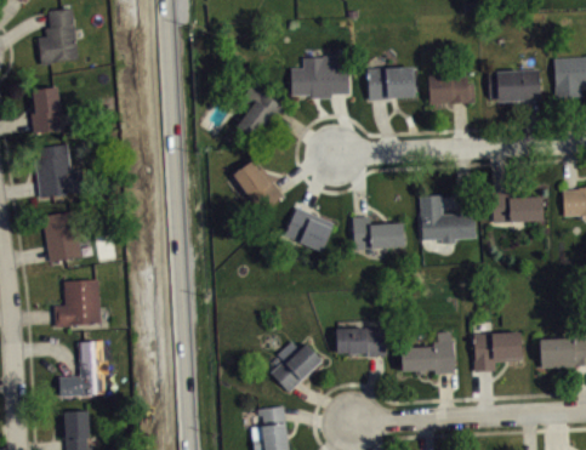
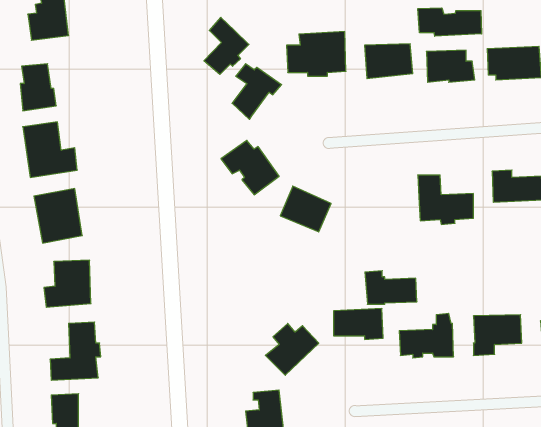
building: none -> [418,8,482,36]
building: none -> [204,17,249,74]
building: [353,216,404,249] -> [365,271,417,304]

